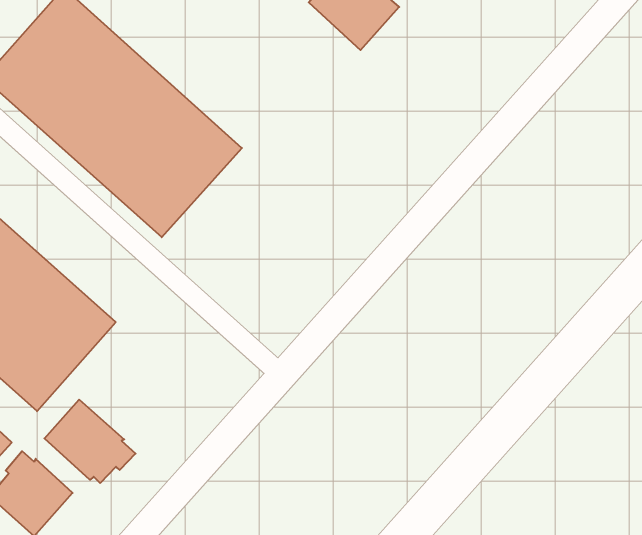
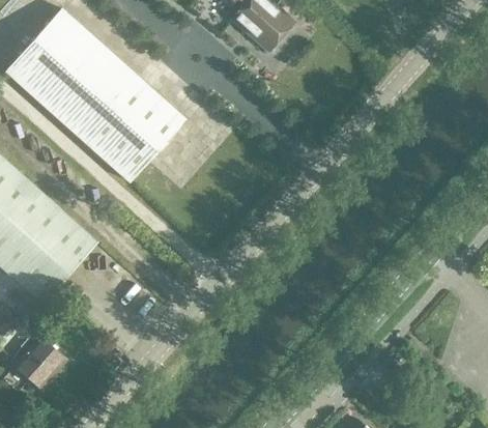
building: [44,400,136,483] -> none

